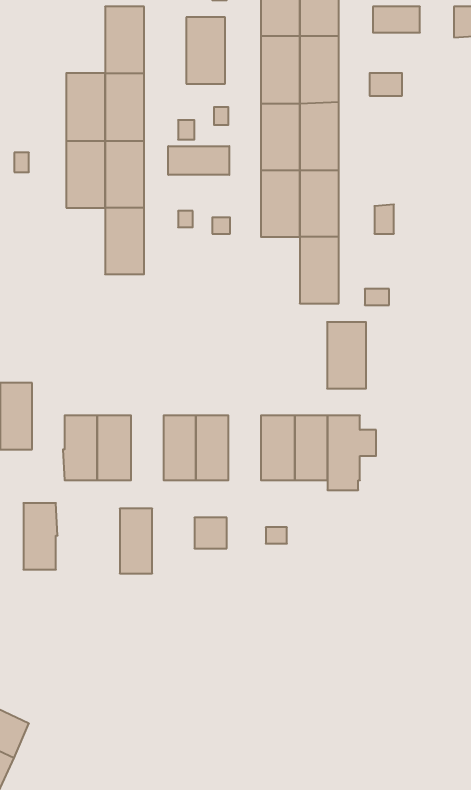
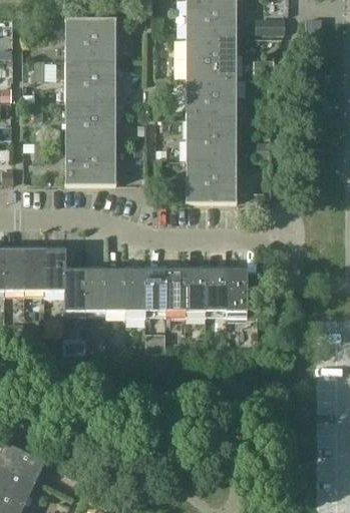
building: [186,17,225,84] -> [66,17,90,58]
building: [168,146,229,175] -> none
building: none -> [66,141,90,182]
building: [327,322,366,389] -> [187,159,211,200]
building: none -> [166,270,187,310]
building: [23,503,58,570] -> [45,249,66,291]
building: [120,509,152,573] -> [106,270,126,310]

